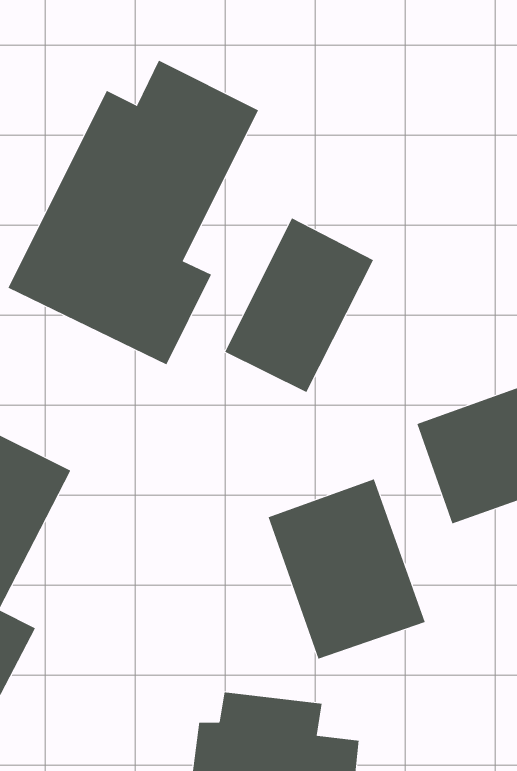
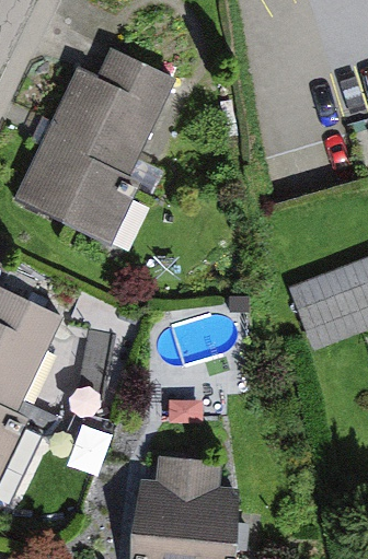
building: [224,218,374,393] -> none
building: [268,479,425,660] -> none

